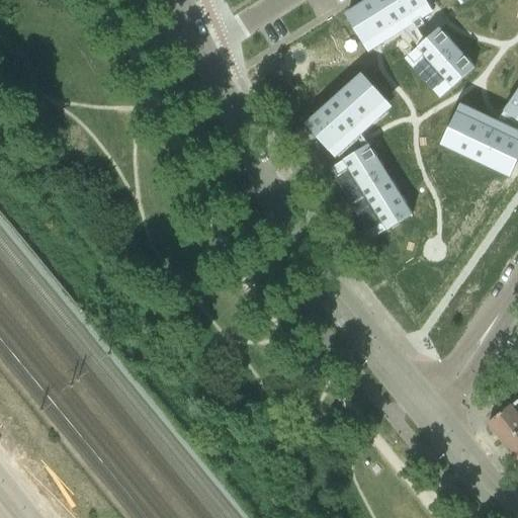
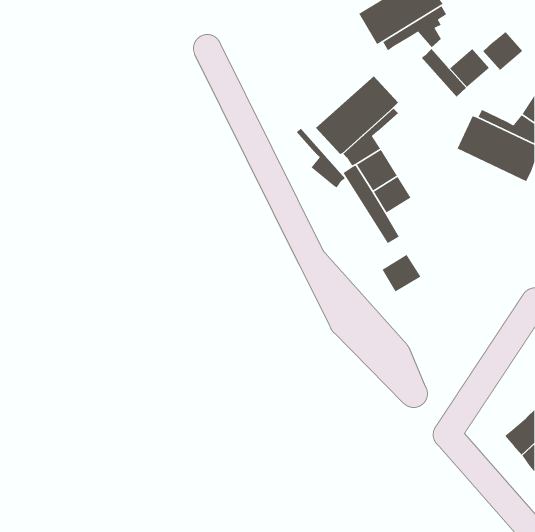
building: [417,27,456,66] -> [482,31,523,71]
building: none -> [296,128,346,188]
building: [373,191,412,229] -> [382,254,421,293]

